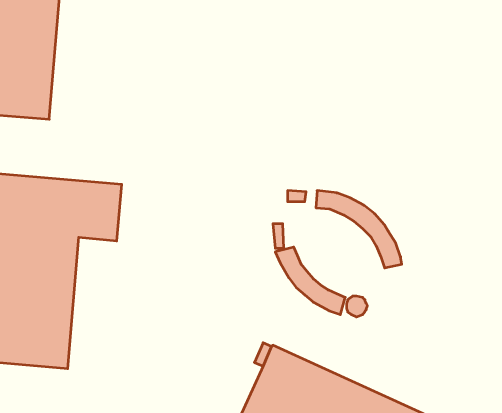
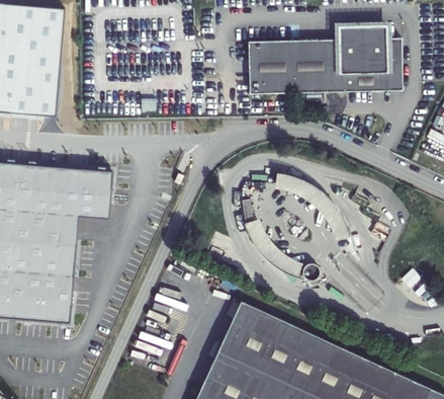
building: none -> [247,25,399,92]

